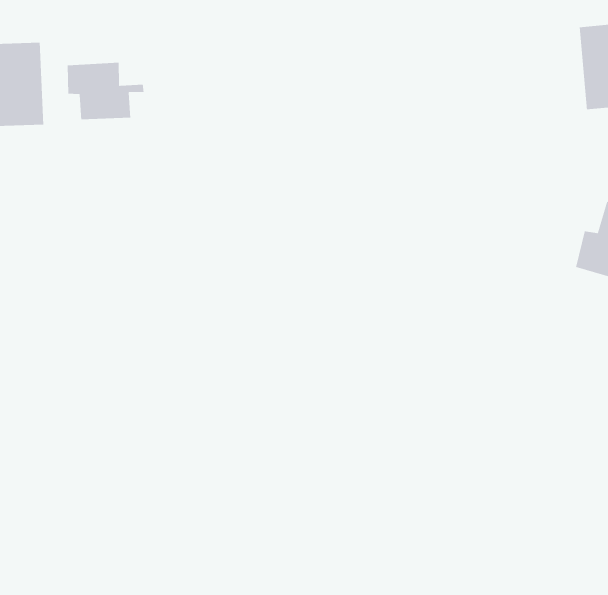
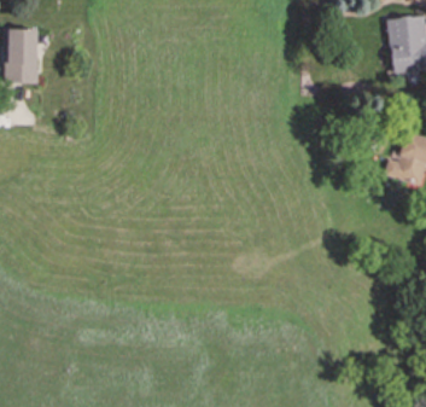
building: [67,62,145,120] -> none

